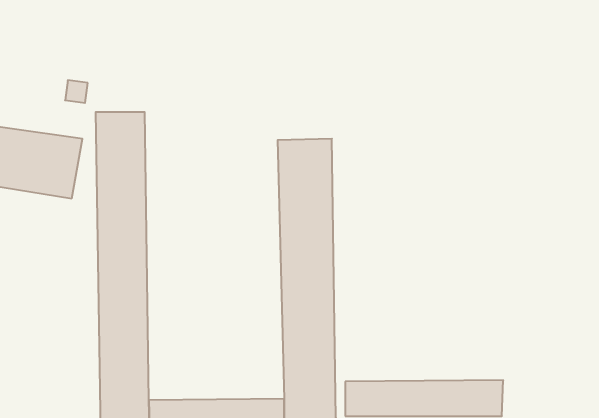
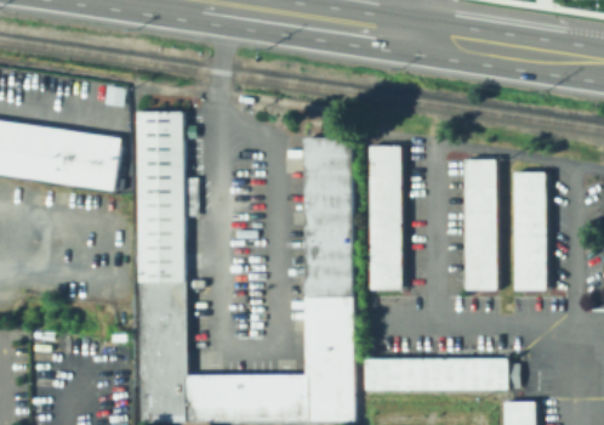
building: none -> [369,147,401,291]
building: none -> [465,159,498,294]
building: none -> [514,172,546,291]

